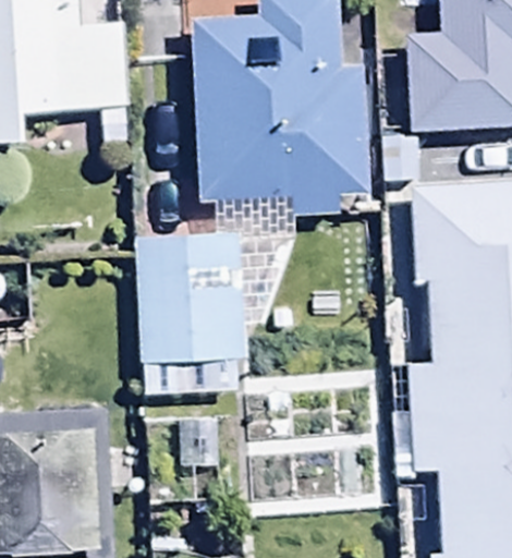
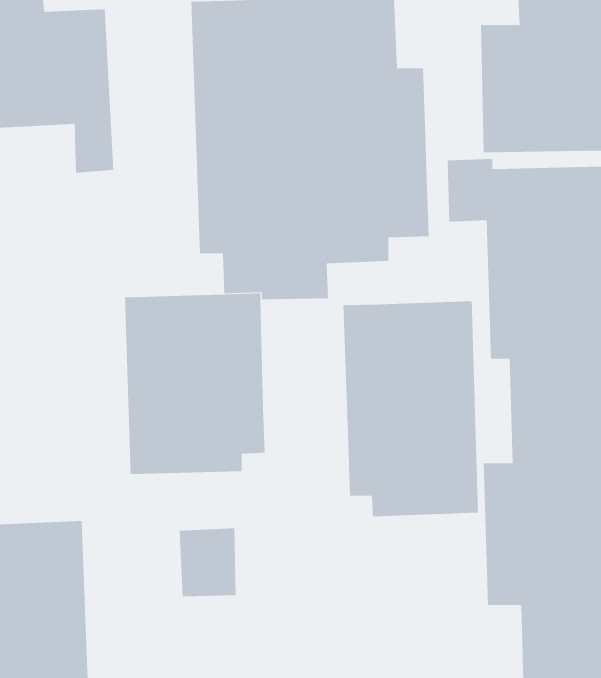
building: none -> [343,301,479,517]

